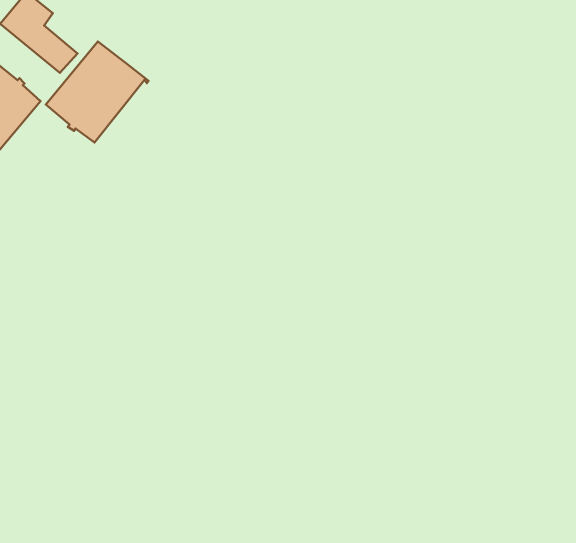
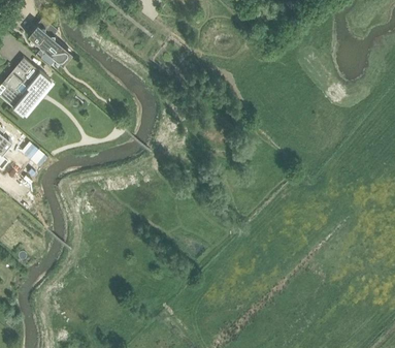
building: [46,41,148,142] -> none

